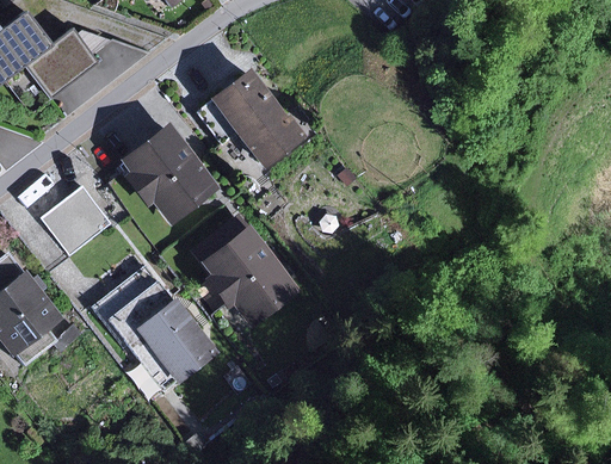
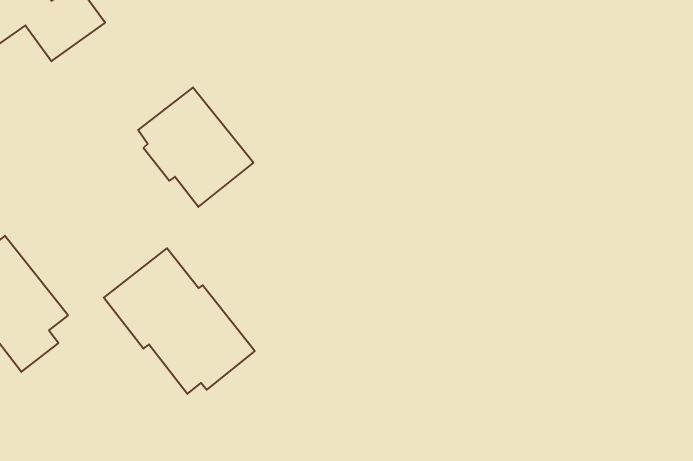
building: [200,66,303,163] -> none
building: [37,188,106,256] -> none
building: [192,222,301,326] -> none

